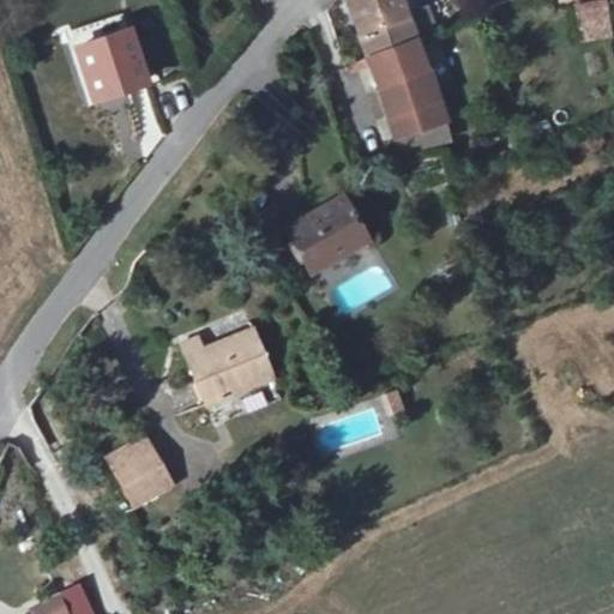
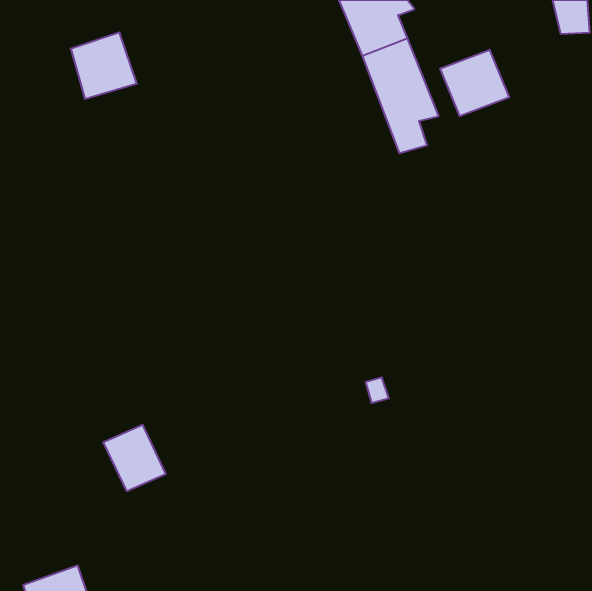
building: none -> [440,50,509,116]
building: [277,176,365,263] -> none
building: [185,325,276,405] -> none

